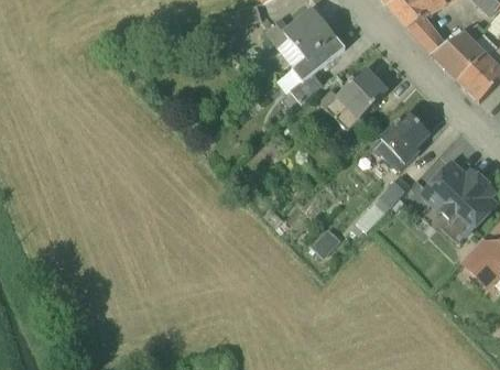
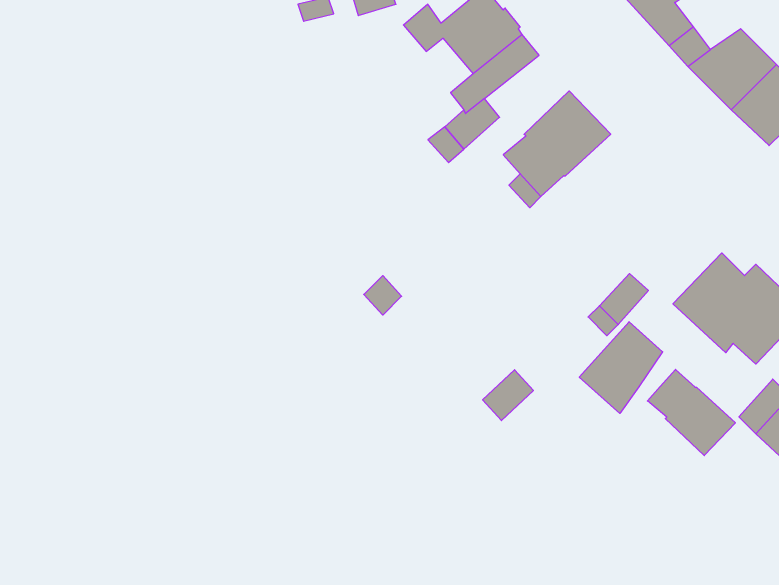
building: [374,111,428,168] -> none
building: none -> [579,322,663,413]
building: none -> [647,369,735,456]

